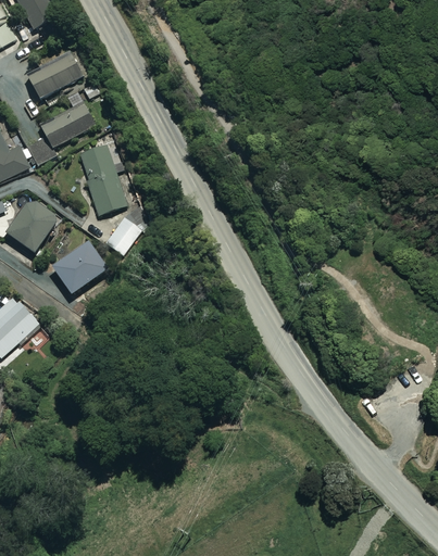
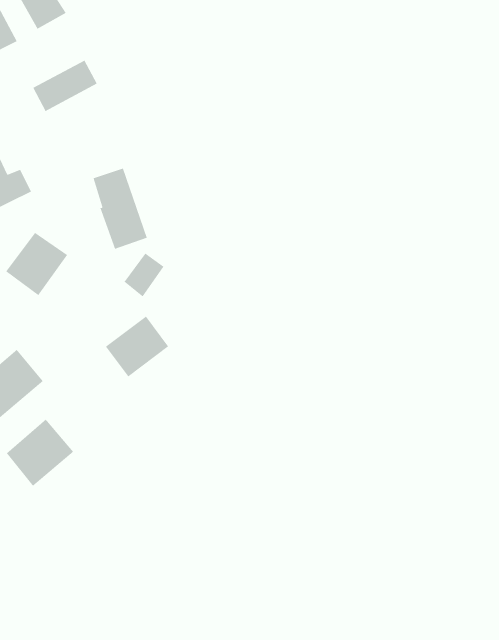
building: [40,91,97,147] -> none
building: [52,242,107,294] -> [105,316,169,377]
building: none -> [6,418,74,487]

